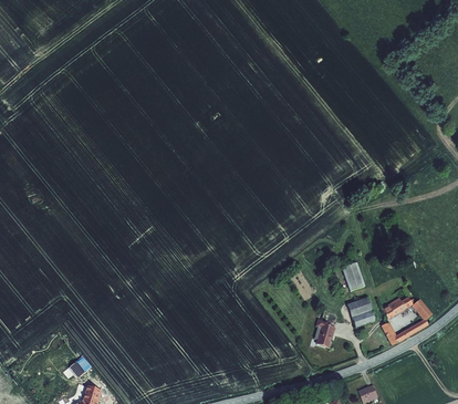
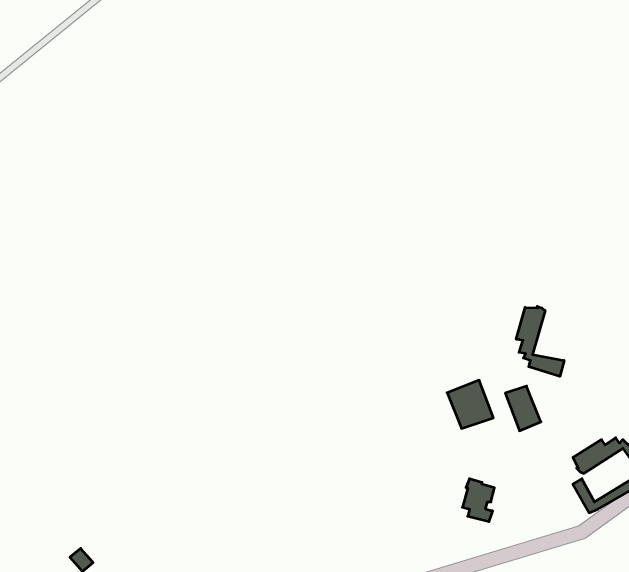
building: none -> [516,306,564,376]
building: [346,297,375,327] -> [447,380,493,428]

